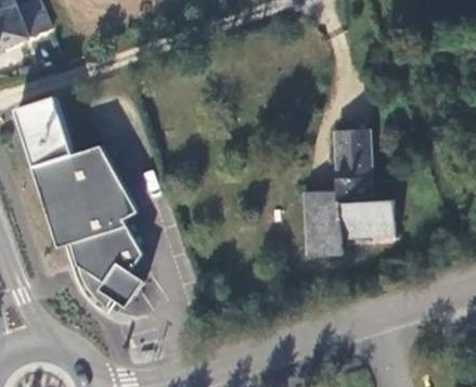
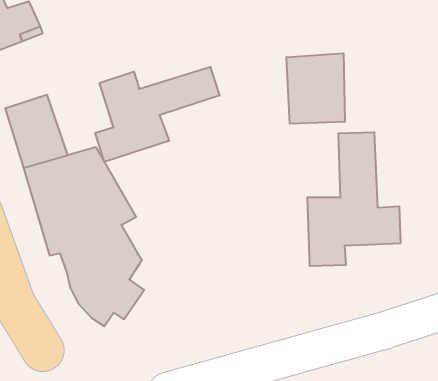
building: none -> [286,53,345,124]
building: none -> [95,67,220,162]

